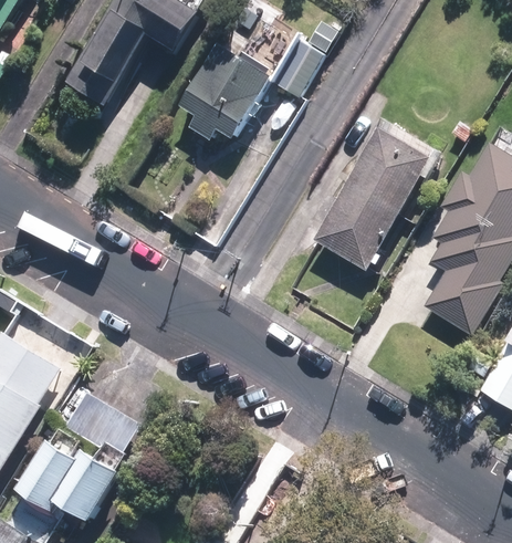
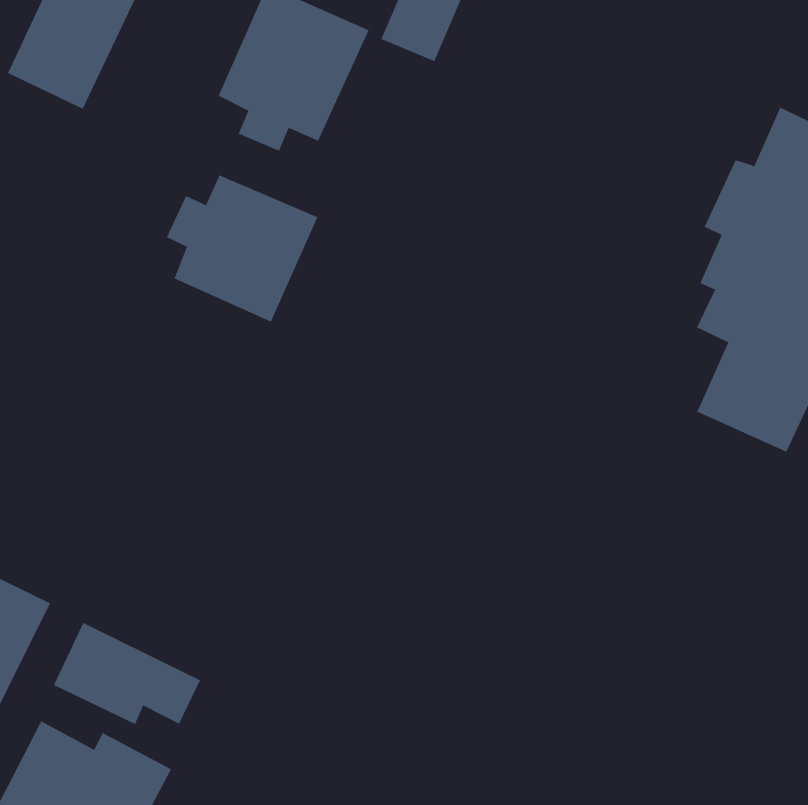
building: [311,126,431,270] -> none
building: none -> [166,174,318,323]

